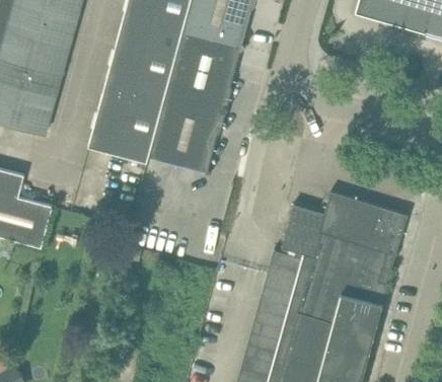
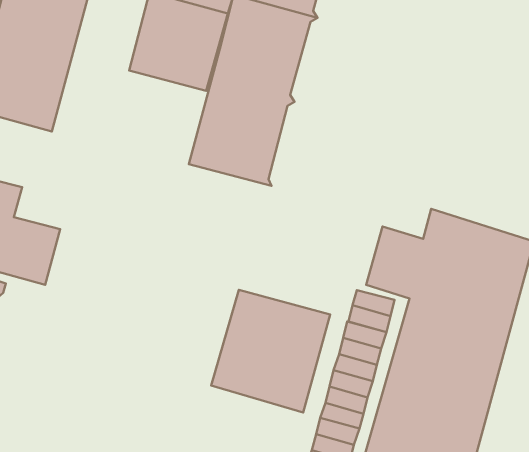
building: [88,87,162,162] -> none
building: none -> [211,290,330,412]

